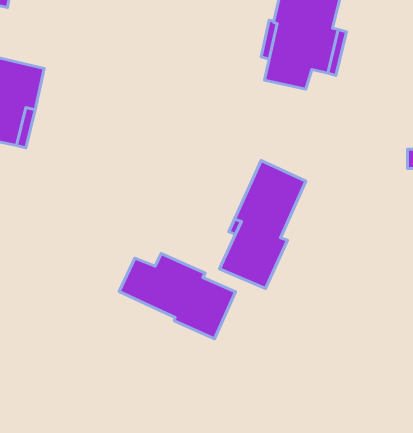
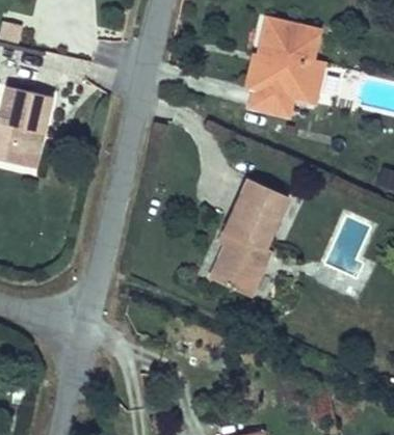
building: [119,253,235,339] -> none

